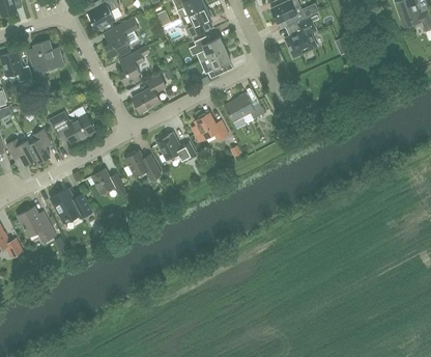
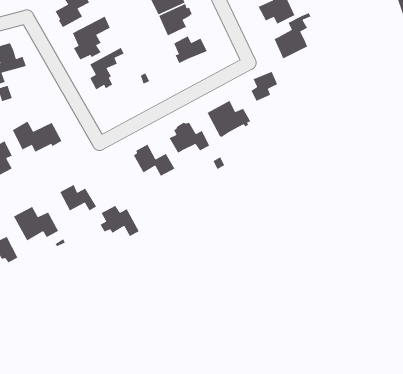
building: [206,50,231,78] -> [250,71,278,102]
building: [133,76,166,113] -> none
building: [124,150,161,180] -> [99,205,140,237]

